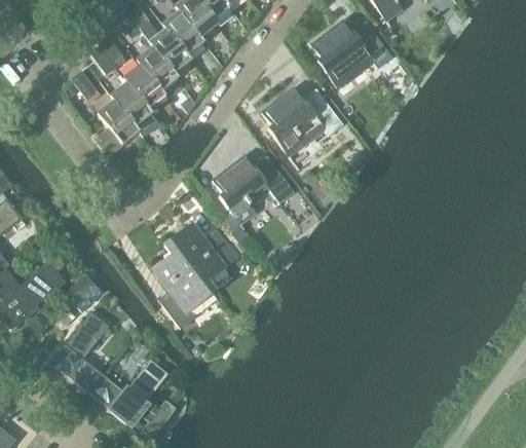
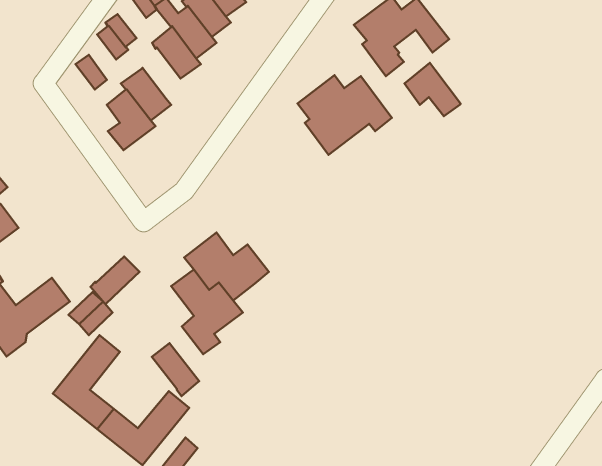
building: [123,64,165,108] -> none
building: none -> [404,63,460,116]
building: [213,155,294,223] -> none
building: none -> [91,257,140,304]
building: none -> [152,343,199,396]

